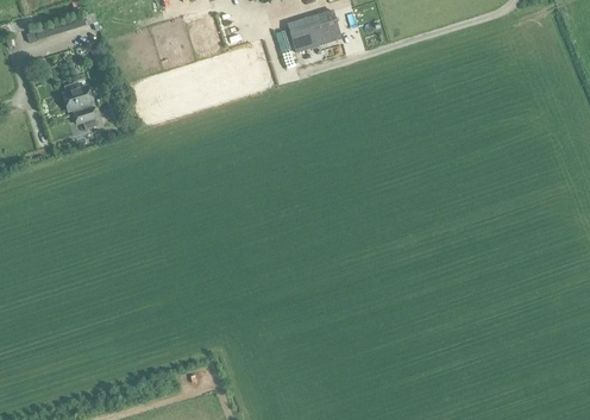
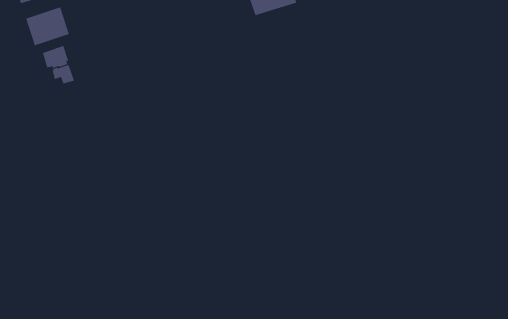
building: none -> [26,6,69,46]

